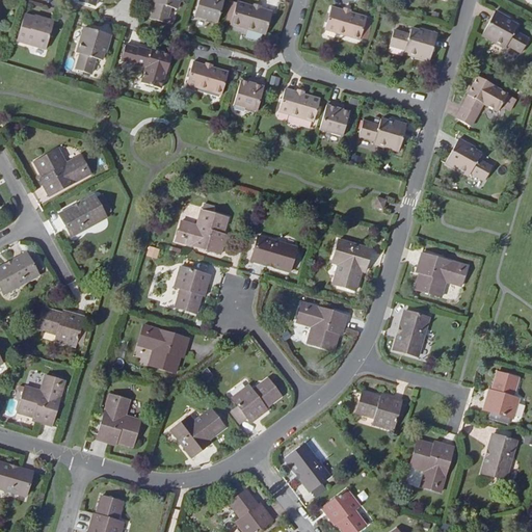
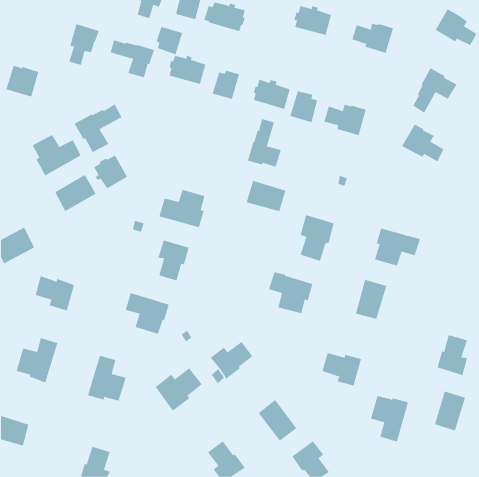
building: [17,12,54,48] -> [6,65,39,97]
building: none -> [156,26,183,55]
building: none -> [74,104,122,153]
building: none -> [247,118,282,168]
building: none -> [94,155,128,189]
building: [251,235,296,270] -> [246,180,286,212]

